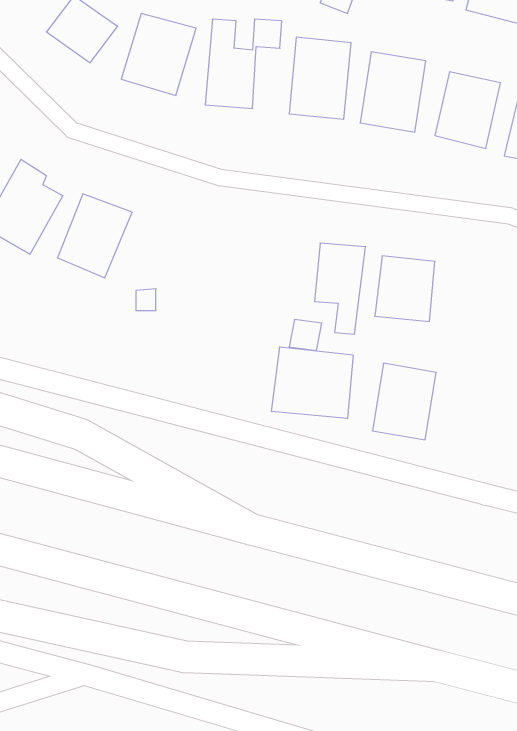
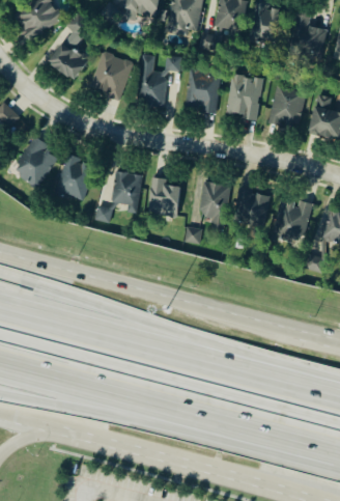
building: none -> [112,173,140,205]
building: none -> [147,179,181,217]
building: [271,347,353,419] -> none
building: [372,363,436,440] -> [275,198,311,242]

